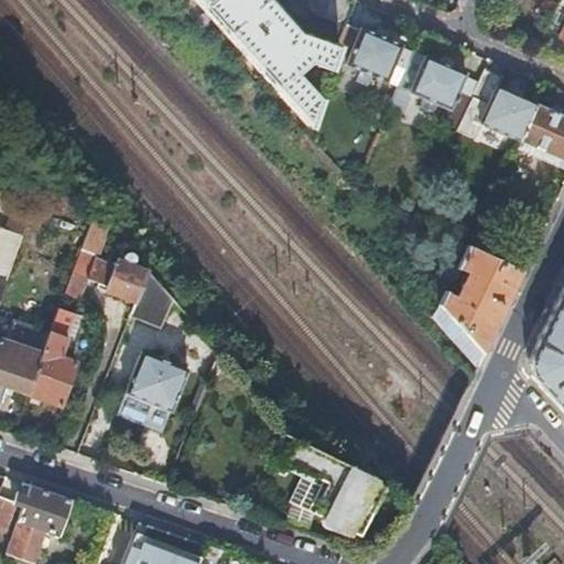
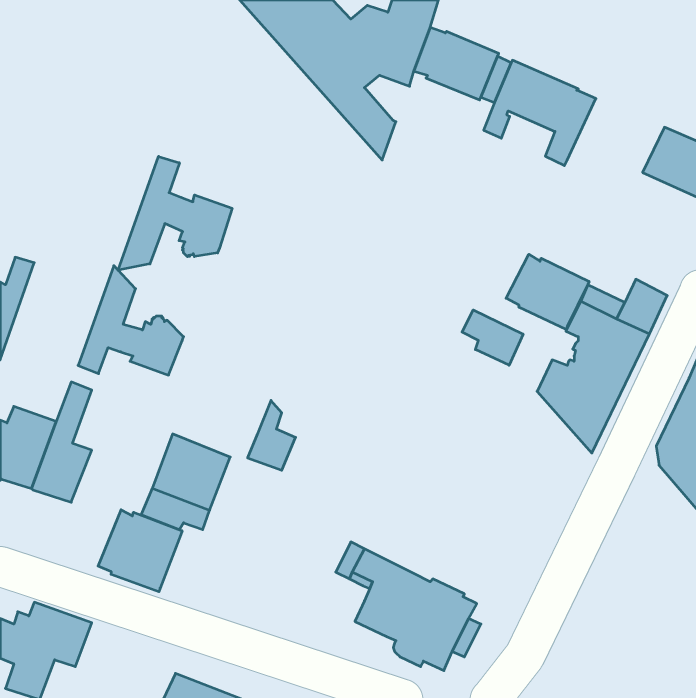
building: [459,68,538,142] -> none
building: none -> [118,156,232,270]
building: none -> [506,254,589,329]
building: none -> [462,310,523,365]
building: [131,275,170,332] -> [248,400,296,470]
building: none -> [98,510,182,592]

